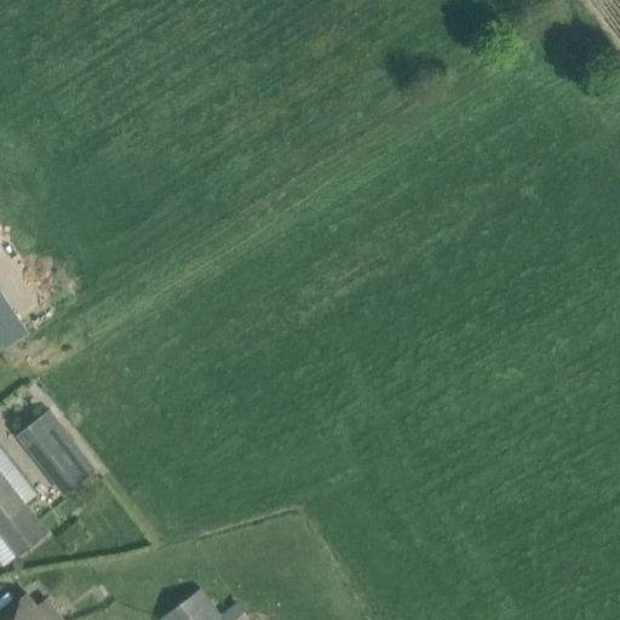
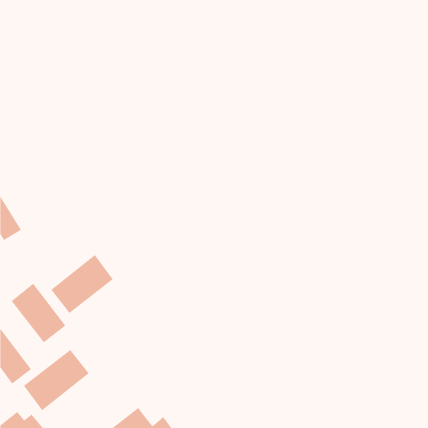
building: none -> [50,254,114,314]
building: none -> [23,349,89,411]

